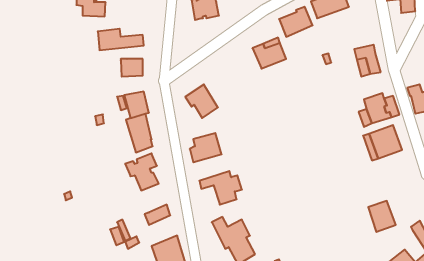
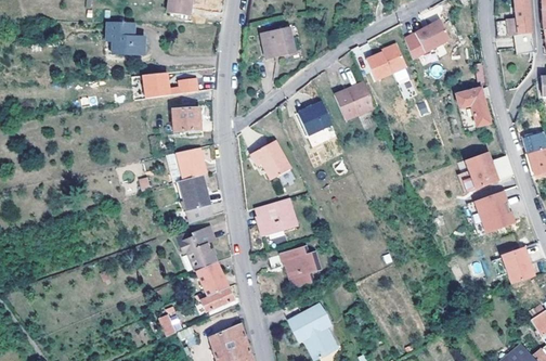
building: none -> [296,101,331,134]
building: none -> [197,260,229,296]
building: [368,201,396,232] -> [503,245,536,283]

